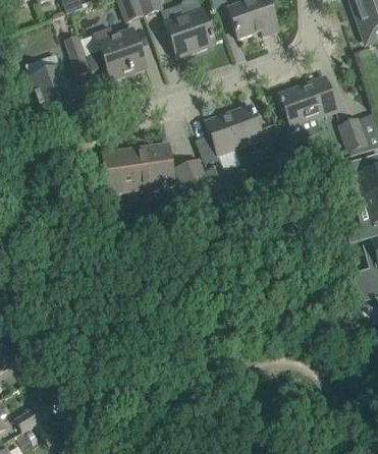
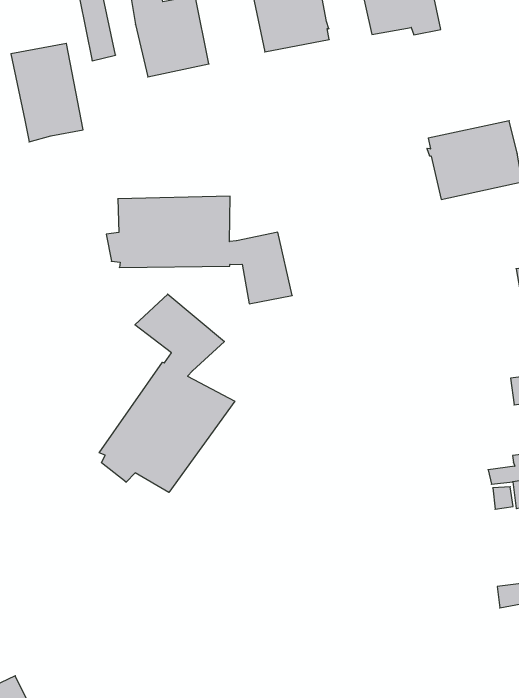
building: [201,104,263,192] -> none
building: none -> [99,294,235,492]

